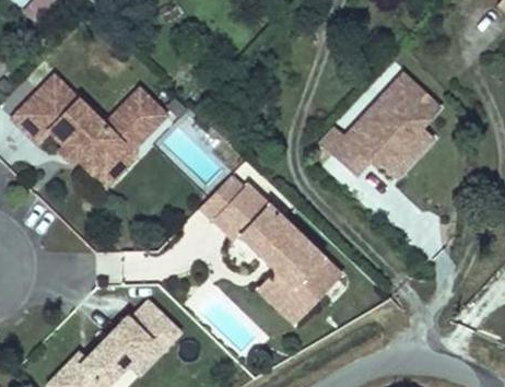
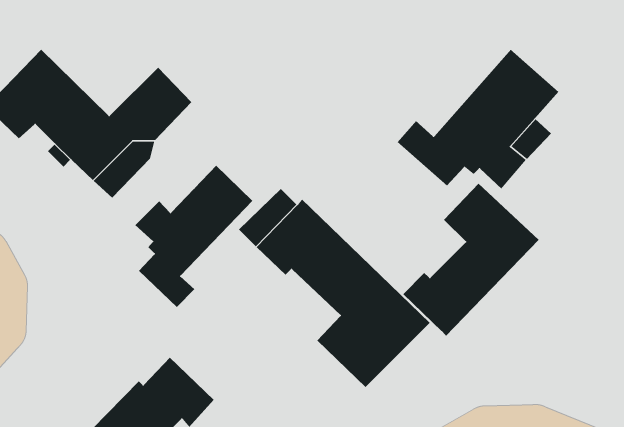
building: none -> [135,165,253,308]
building: none -> [403,183,539,337]

